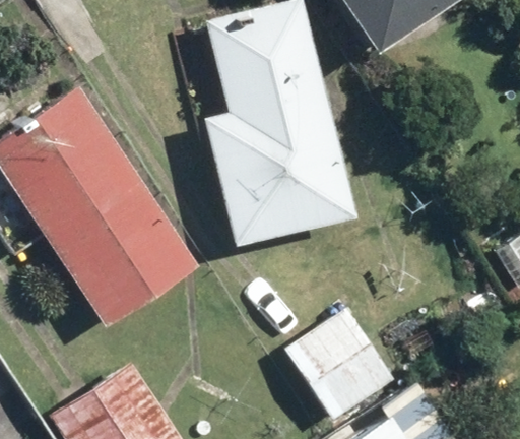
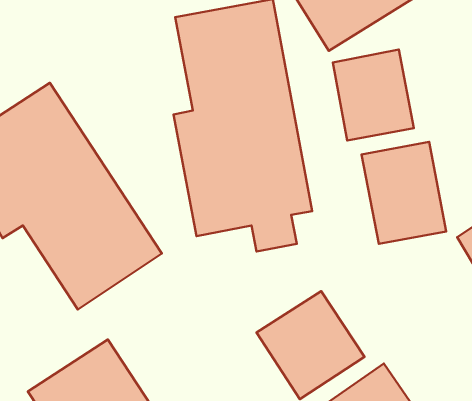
building: none -> [333,49,414,140]
building: none -> [362,142,446,244]

